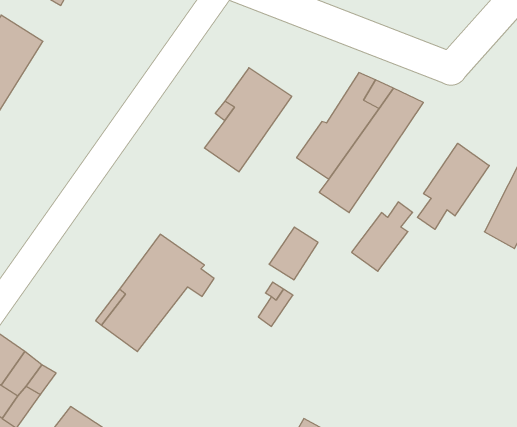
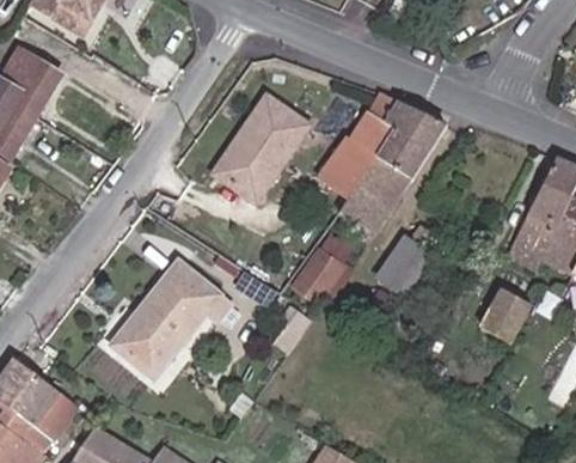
building: [417,143,489,229] -> none
building: none -> [479,292,528,346]

